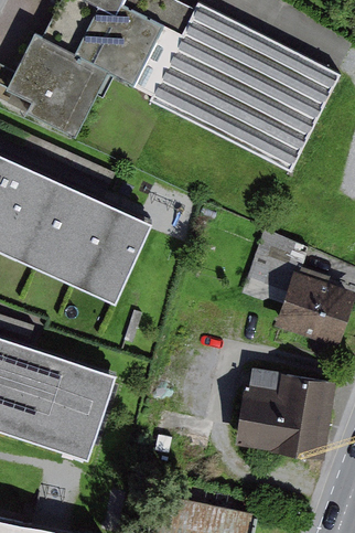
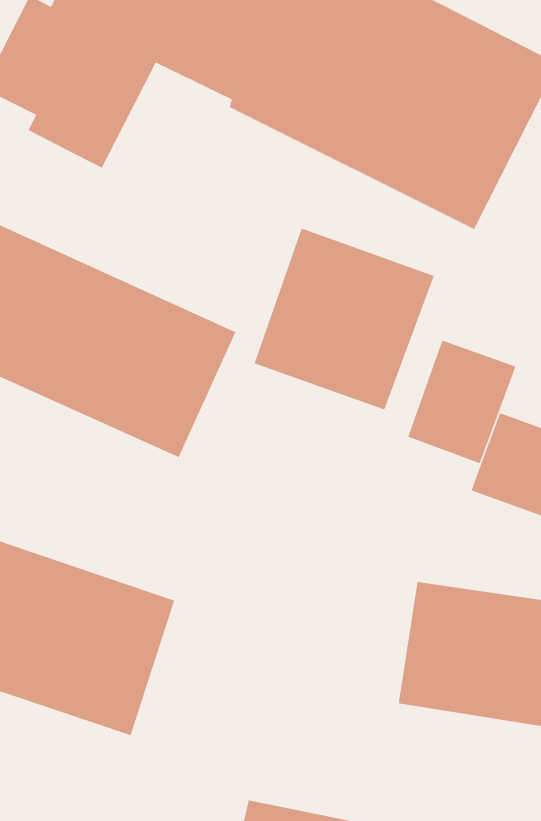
building: none -> [253,228,435,411]

